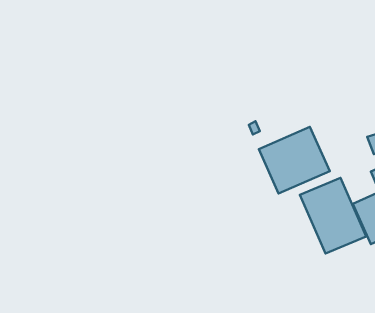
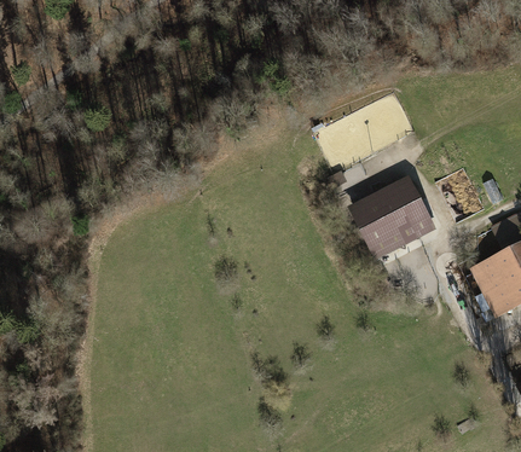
building: [300,178,366,254] -> none

